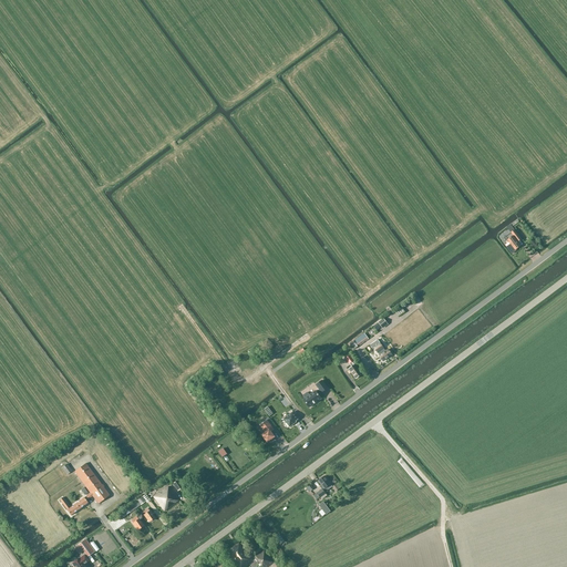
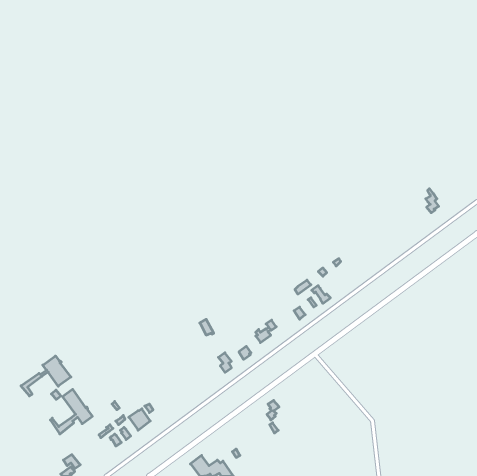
building: none -> [21,356,71,396]

